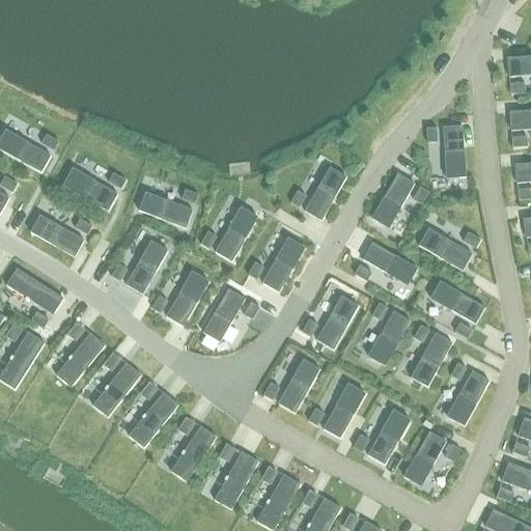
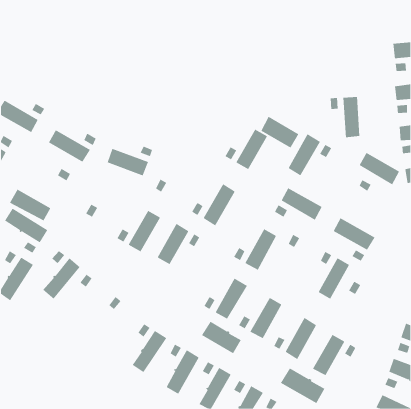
building: none -> [260,116,299,149]
building: [214,206,256,260] -> none
building: [29,214,83,255] -> [9,189,51,221]
building: [418,227,471,270] -> [359,152,400,185]
building: [124,240,167,292] -> none
building: [367,310,410,364] -> none
building: [92,362,140,416] -> none
building: [446,370,487,424] -> none
building: [128,391,177,447] -> none
building: none -> [201,321,242,354]
building: none -> [280,367,325,404]

